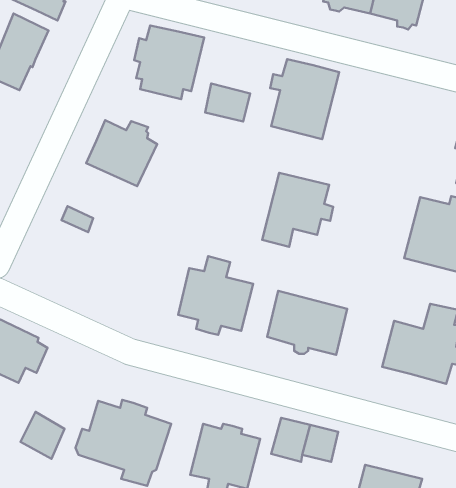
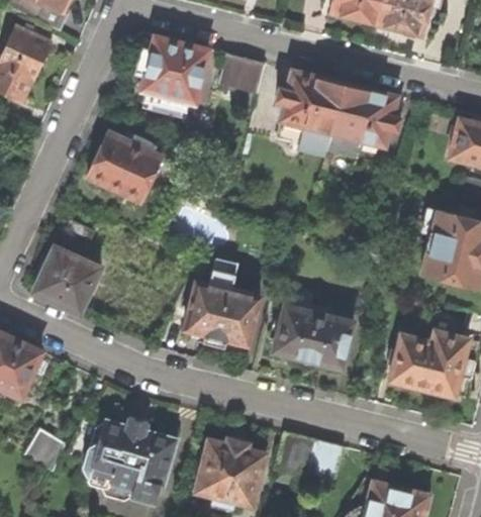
building: [205,84,250,122] -> [220,54,266,92]
building: [262,173,333,247] -> [328,84,400,159]
building: none -> [35,245,102,313]

